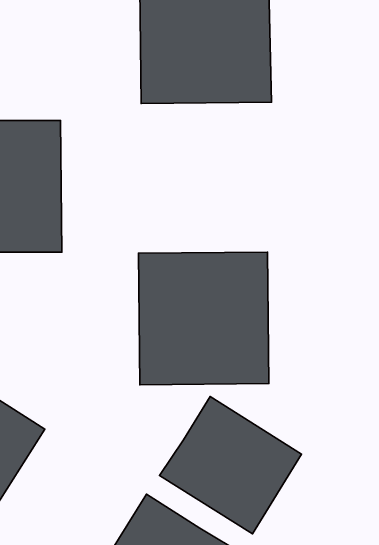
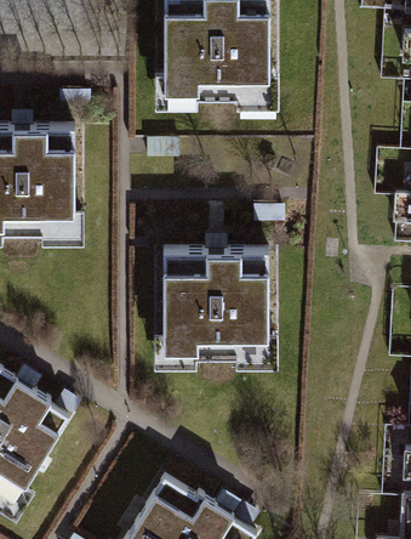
building: [160,397,301,534] -> none

